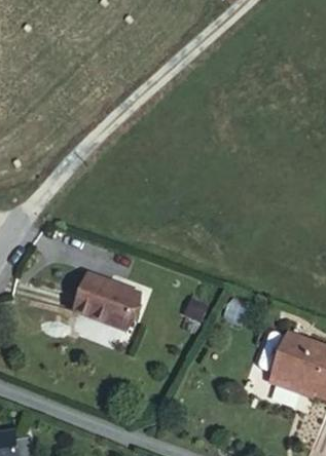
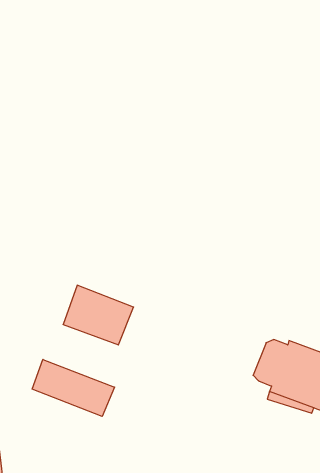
building: none -> [32,359,115,416]

